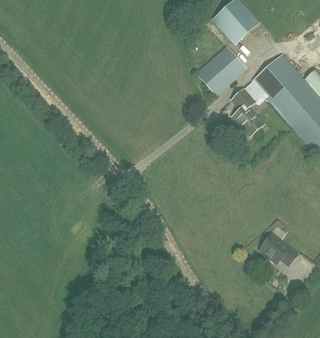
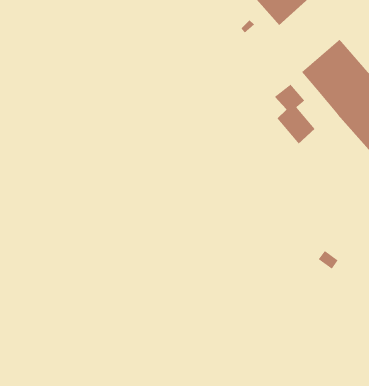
building: [196,46,246,95] -> none
building: [259,233,297,265] -> none

